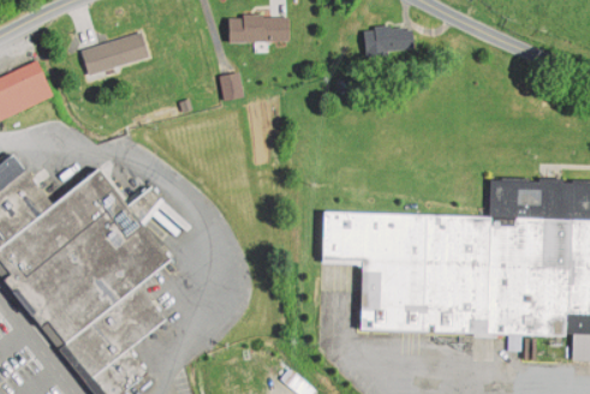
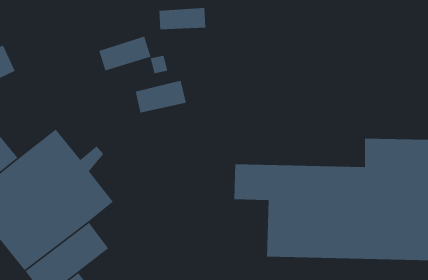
building: [362,24,411,55] -> none
building: [79,31,147,77] -> [98,35,152,72]
building: none -> [135,80,187,113]

